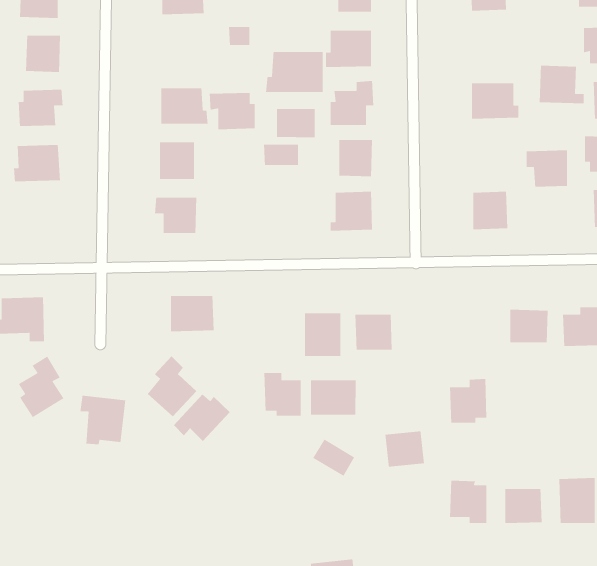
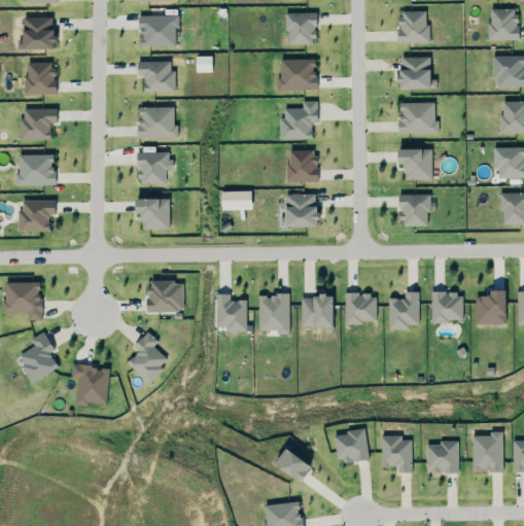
building: [265,51,324,93] -> none
building: [539,65,584,104] -> [399,57,438,90]
building: [209,92,255,130] -> [137,61,176,93]
building: [276,108,316,138] -> none
building: [263,144,299,166] -> [221,191,251,210]
building: [526,150,568,188] -> [397,148,432,180]
building: none -> [19,200,56,232]
building: none -> [345,293,377,323]
building: [264,372,302,417] -> [215,294,247,331]
building: [449,378,487,424] -> [388,291,420,329]
building: [310,379,356,415] -> none
building: [173,394,230,442] -> none
building: [384,431,425,468] -> [335,431,369,462]
building: [312,439,355,477] -> [274,450,310,482]

